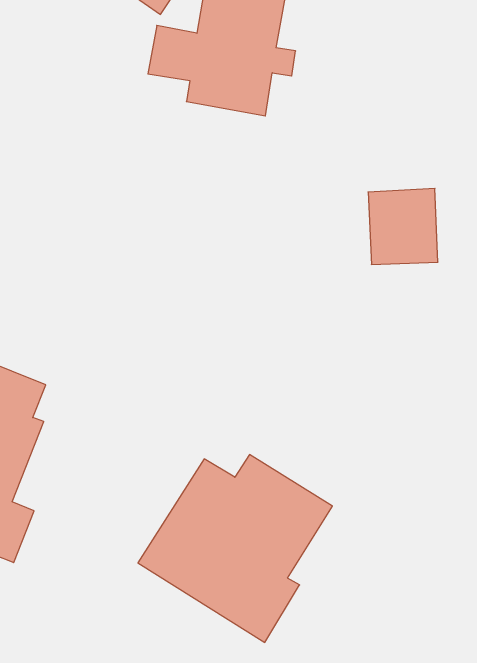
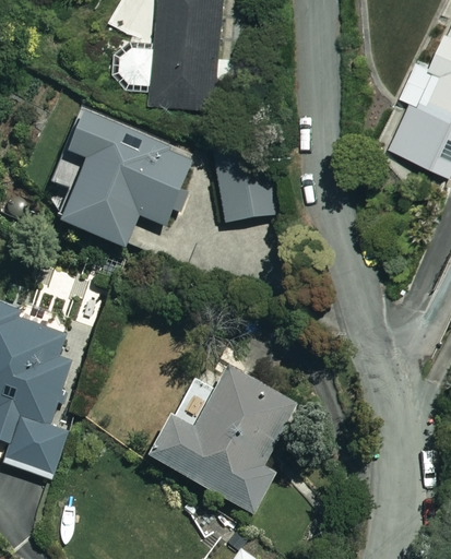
building: none -> [55,116,194,250]
building: [368,188,438,264] -> [216,154,275,217]

